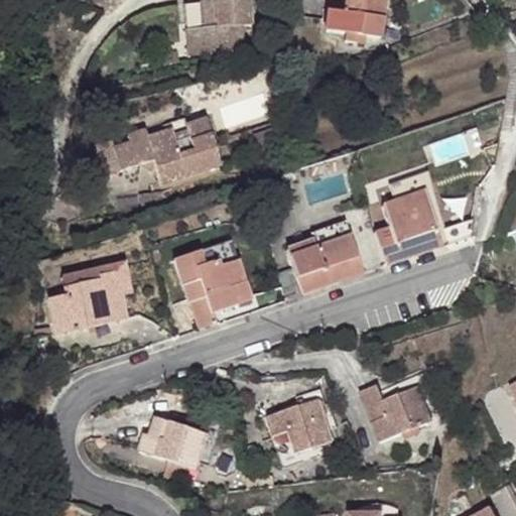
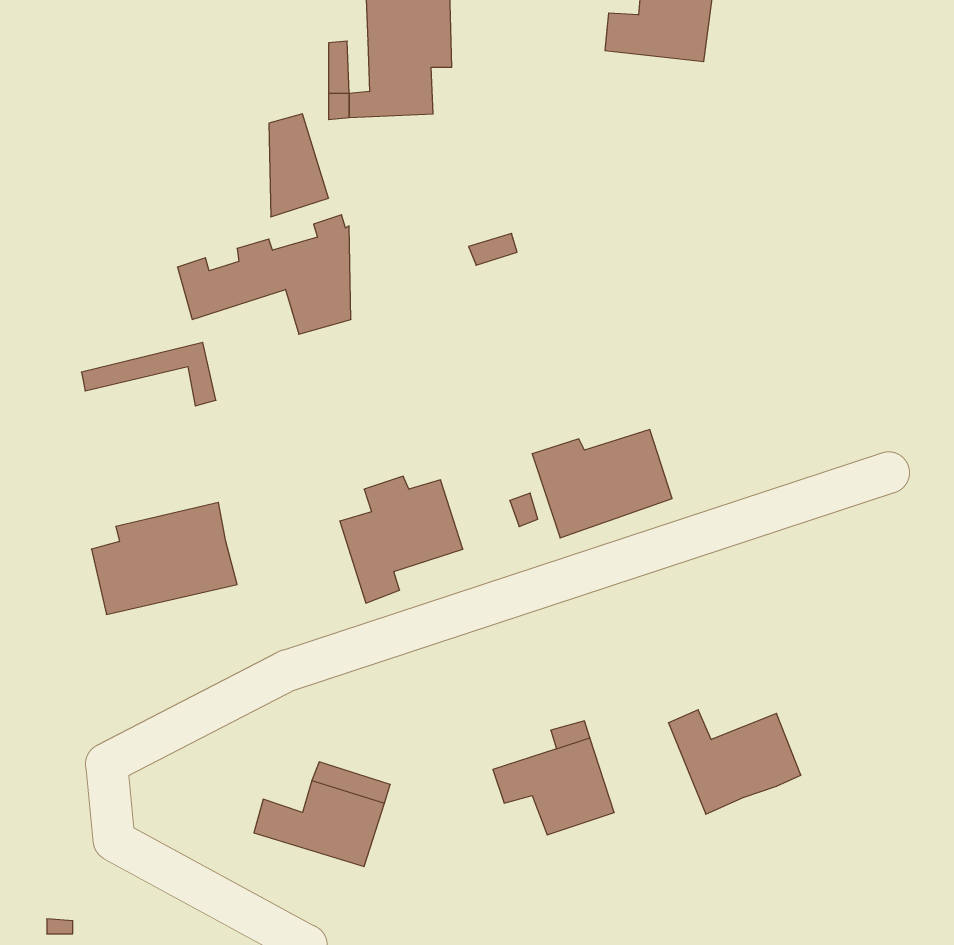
building: [188,117,221,172] -> [269,114,329,217]
building: [375,187,447,261] -> none
building: [174,240,238,281] -> none
building: [60,258,133,292] -> [81,342,216,406]

